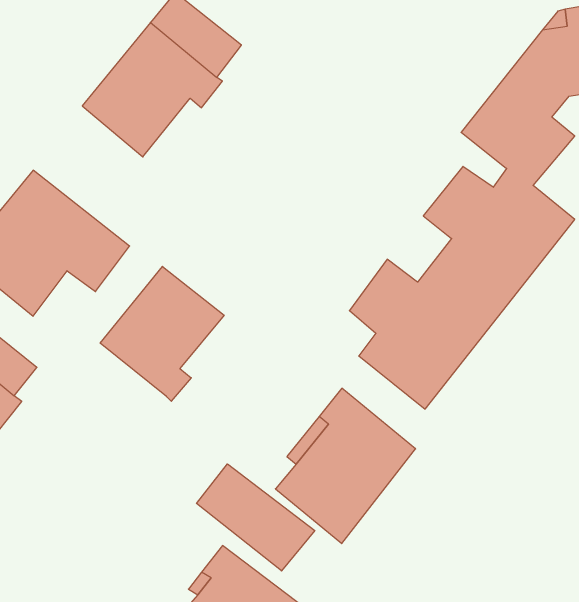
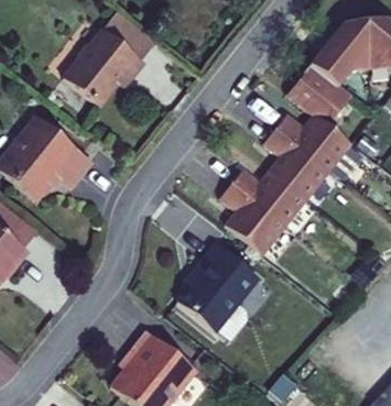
building: [100,266,224,401] -> none
building: [197,464,315,571] -> none

